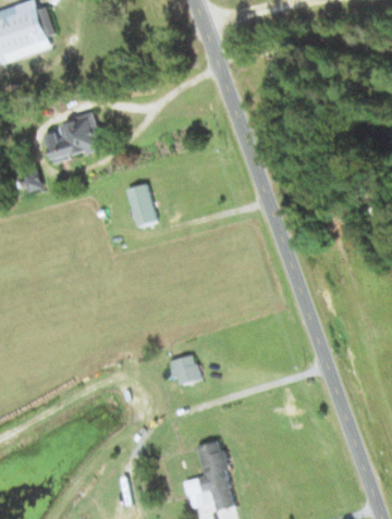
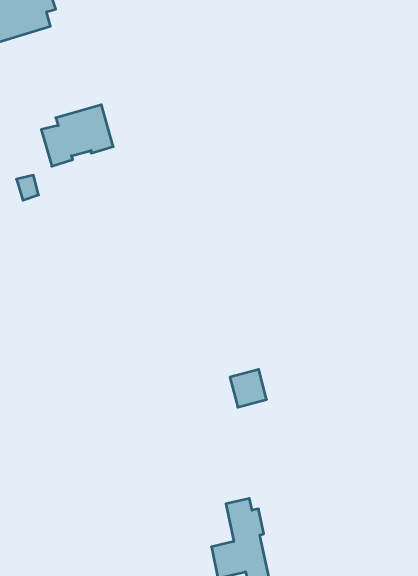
building: [125,183,157,226] -> none
building: [169,354,199,385] -> [230,369,267,407]

